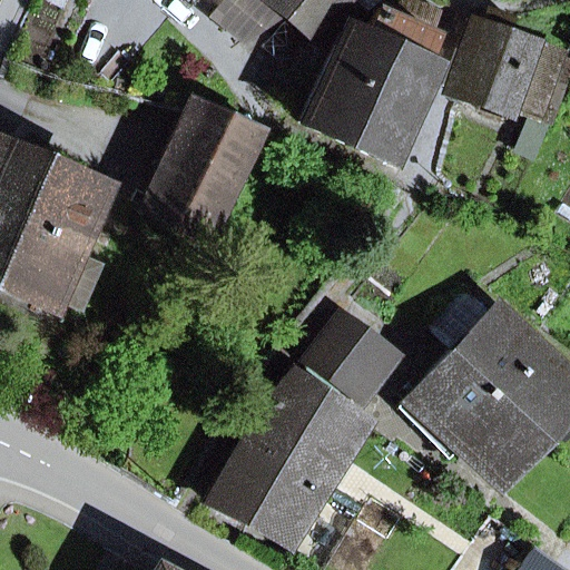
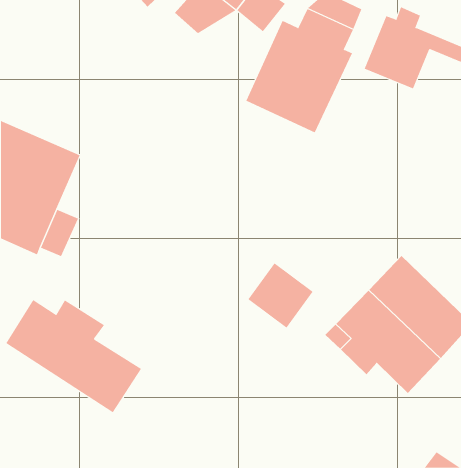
building: [148,97,265,239] -> none
building: none -> [5,299,142,413]
building: [213,372,366,542] -> none

